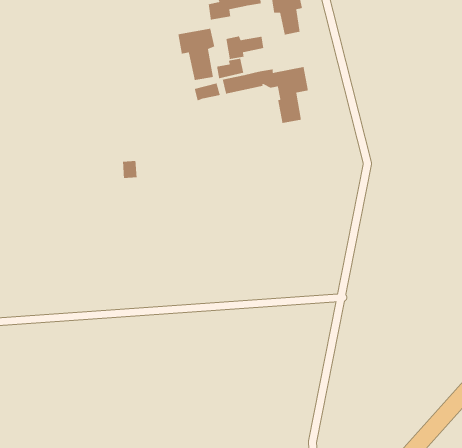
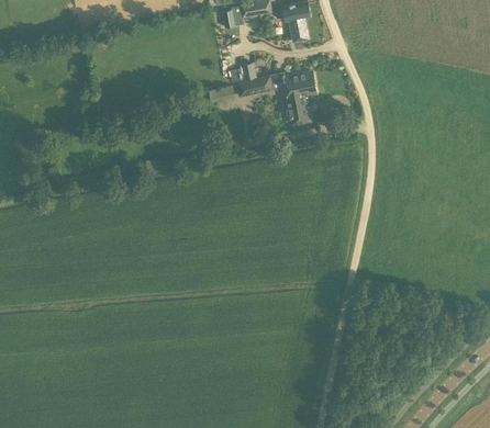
building: [178,28,215,81] -> none
building: [225,36,264,60] -> none

